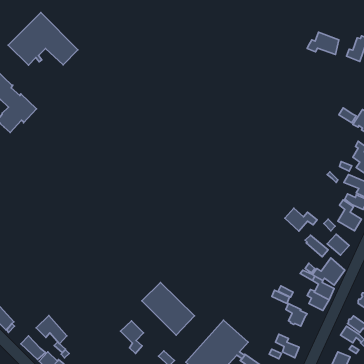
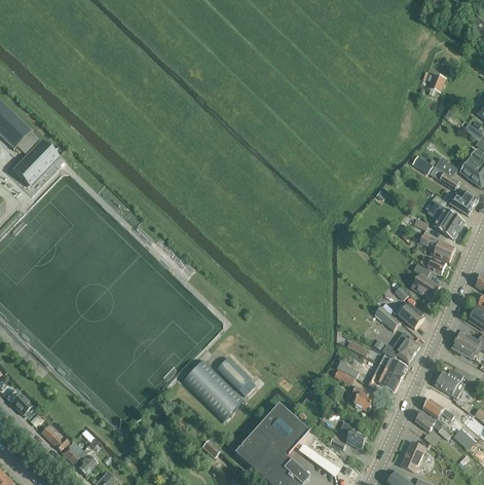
building: [8,12,78,65] -> none
building: [307,32,339,55] -> none
building: [285,208,317,231] -> none
building: none -> [215,356,250,390]
building: [36,316,67,344] -> none
building: [120,321,144,353] -> none

